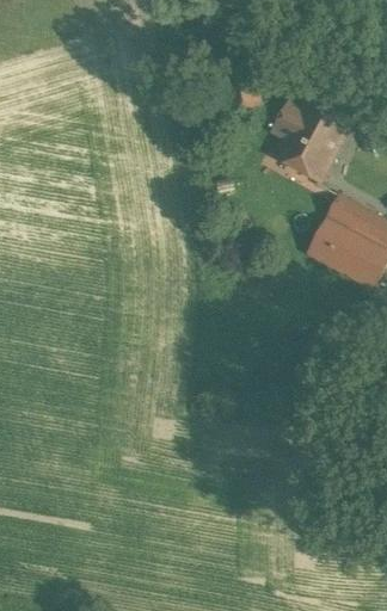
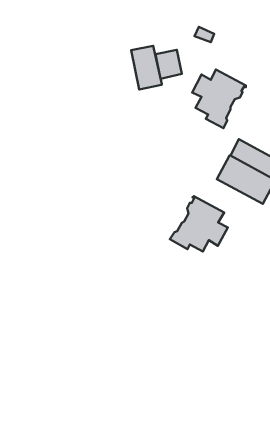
building: none -> [131,46,162,90]
building: none -> [170,196,228,252]

